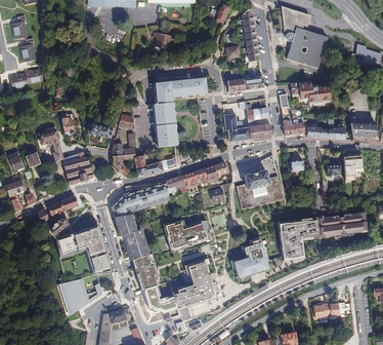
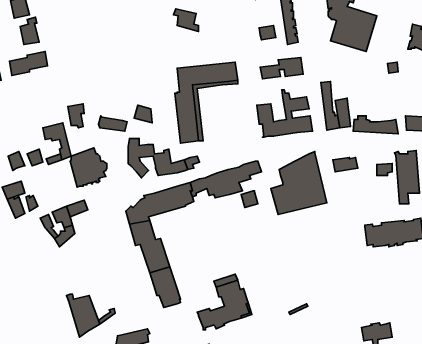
building: [291,82,331,105] -> none
building: [280,219,318,260] -> none
building: [165,221,209,250] -> none
building: [55,227,113,277] -> none
building: [235,238,272,280] -> none
building: [143,285,177,312] -> none

